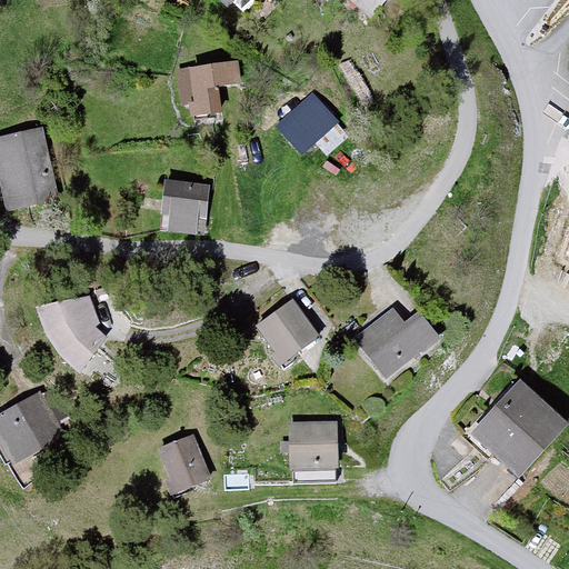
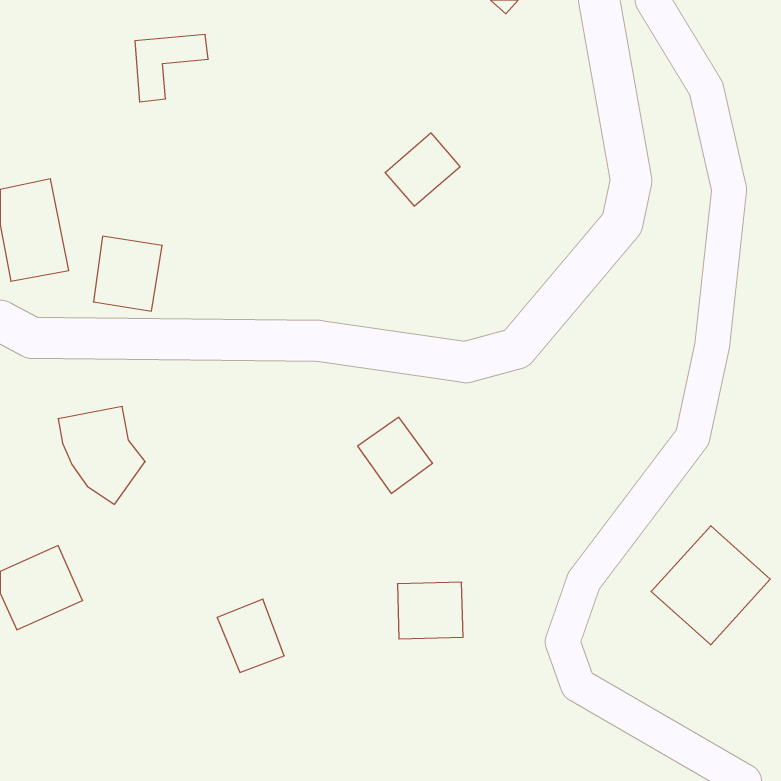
building: [190,63,243,112] -> [135,35,208,102]
building: [160,181,210,236] -> [93,236,162,311]
building: [358,310,437,372] -> none

